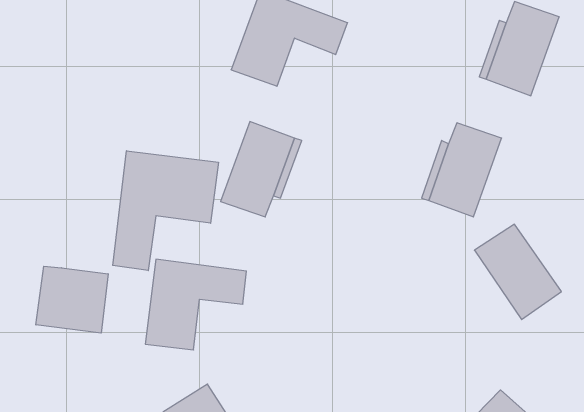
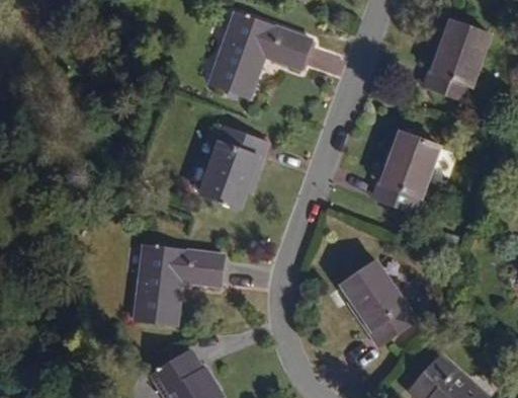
building: [113,151,218,271] -> none
building: [474,224,561,320] -> [342,262,417,344]
building: [36,266,108,333] -> none

